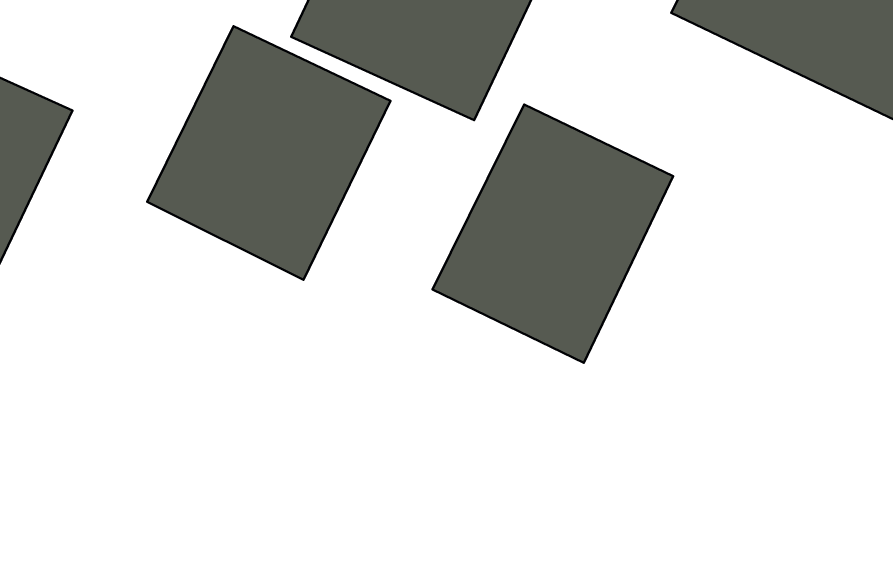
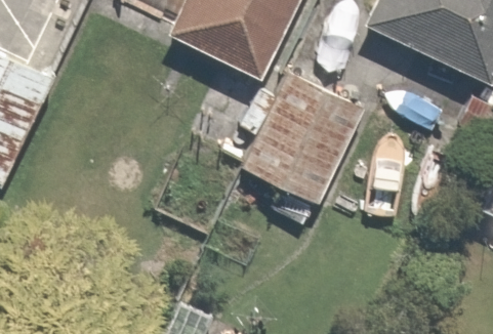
building: [147,26,391,280] -> none

